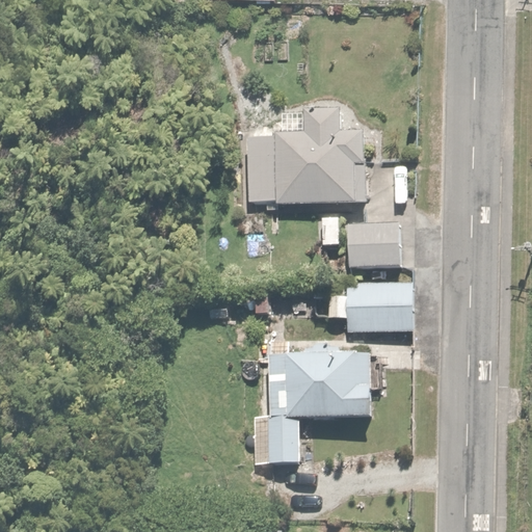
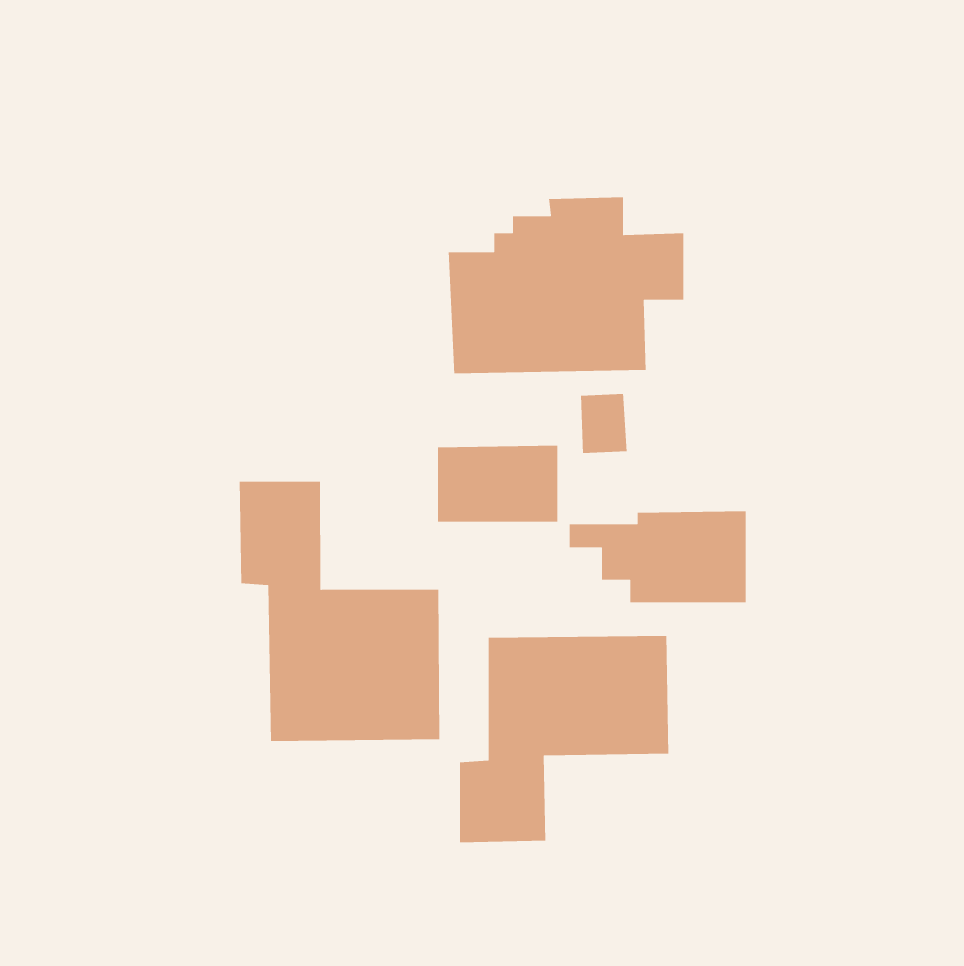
building: [348,225,415,268] -> [437,445,558,522]
building: none -> [239,481,440,742]

